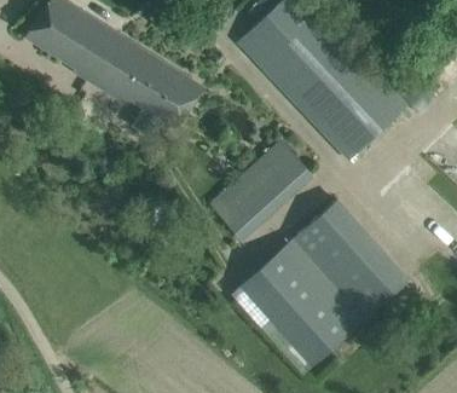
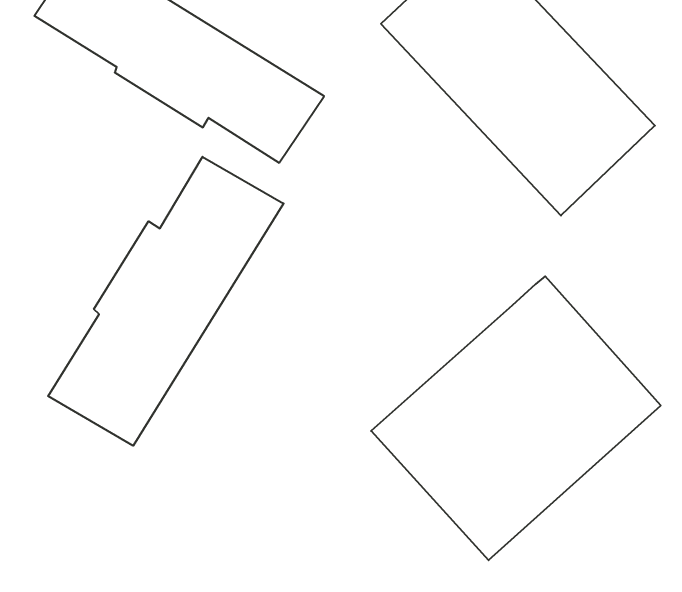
building: none -> [48,157,284,446]
building: [208,139,312,238] -> none

